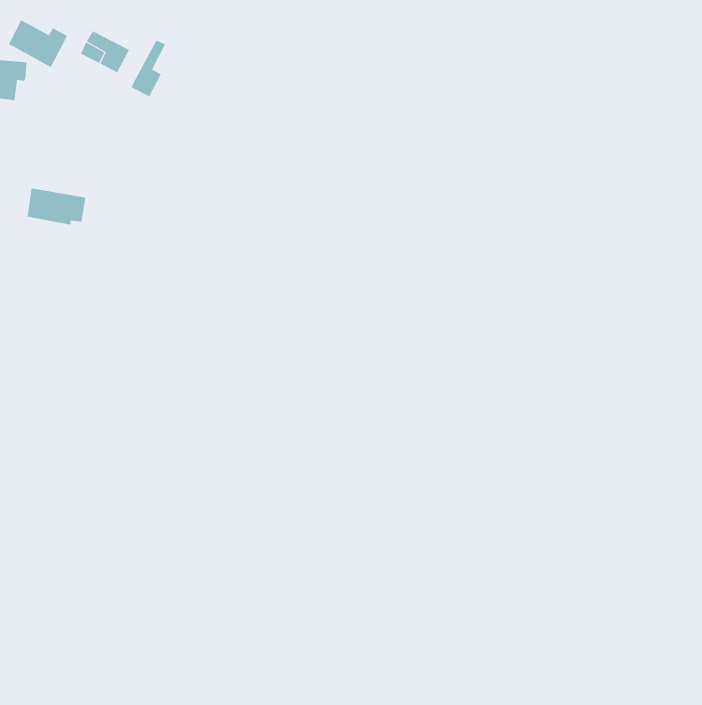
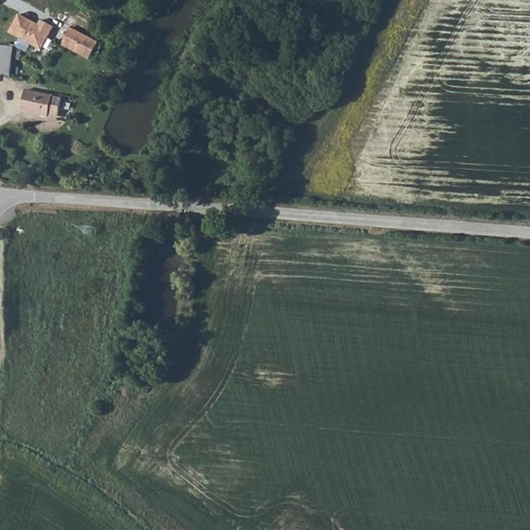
building: [131,40,166,97] -> none
building: [27,188,86,225] -> [19,89,63,117]

